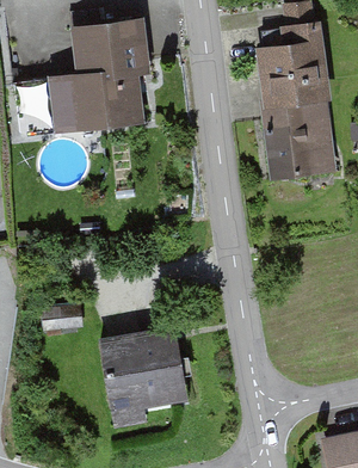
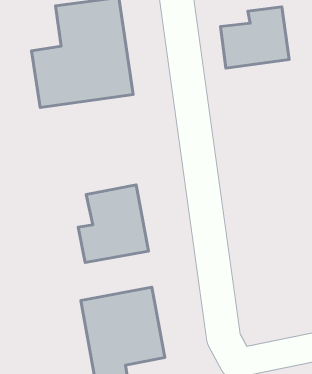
building: [257,78,338,181] -> none
building: none -> [78,185,148,263]

